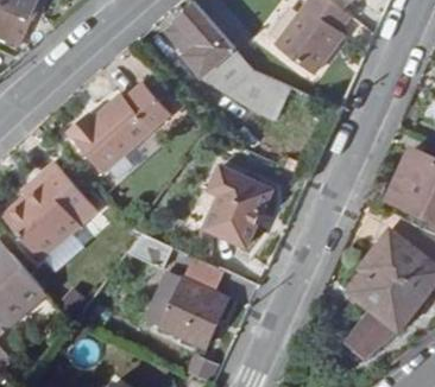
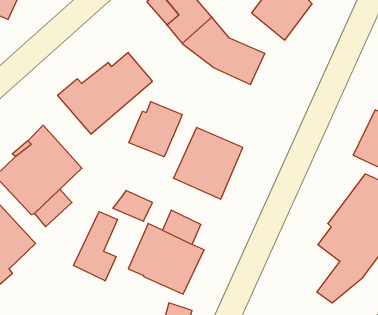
building: none -> [129,102,182,157]
building: none -> [74,212,118,281]

